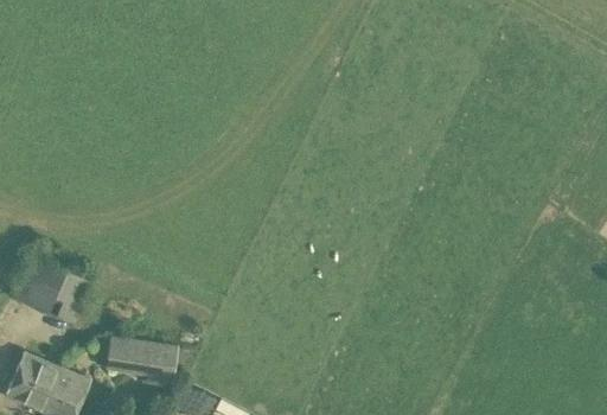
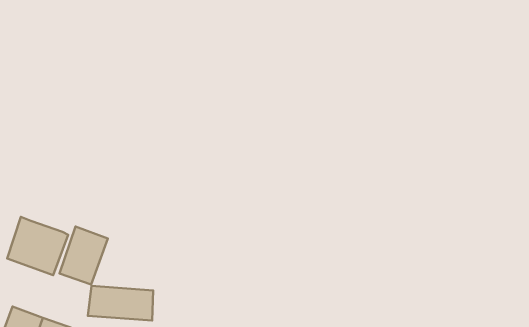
building: none -> [60,227,108,284]

